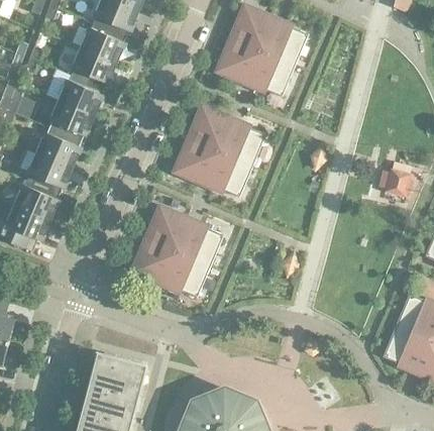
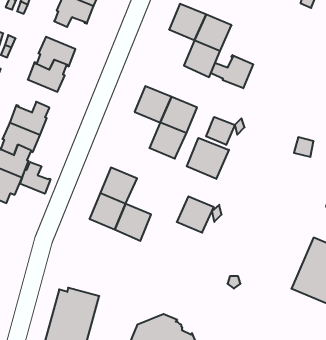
building: [79,23,127,63] -> none
building: [217,38,261,83] -> none
building: none -> [211,55,253,88]
building: [44,100,93,140] -> none
building: [175,139,219,184] -> none
building: none -> [206,117,235,145]
building: none -> [187,138,229,179]
building: none -> [20,162,50,194]
building: [177,221,222,265] -> [177,196,214,233]

